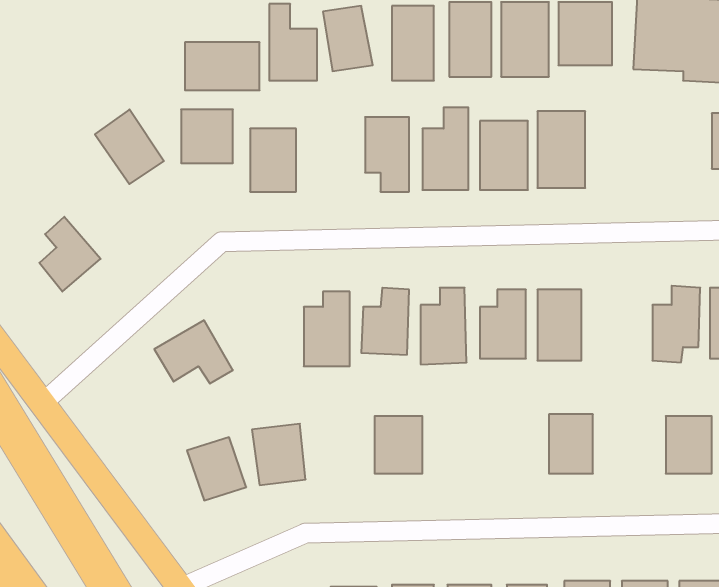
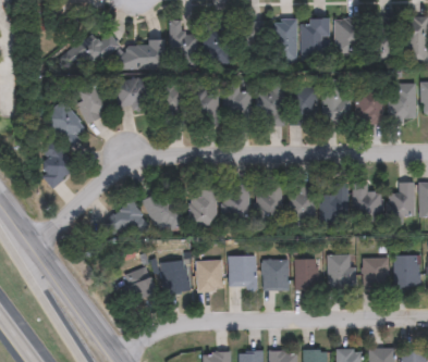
building: none -> [66,34,120,68]
building: none -> [390,85,416,121]
building: none -> [194,91,218,127]
building: none -> [355,93,382,125]
building: none -> [46,103,85,143]
building: none -> [354,182,381,222]
building: none -> [143,188,184,230]
building: none -> [264,258,290,289]
building: none -> [296,258,319,288]
building: none -> [364,258,388,288]
building: none -> [197,260,223,289]

